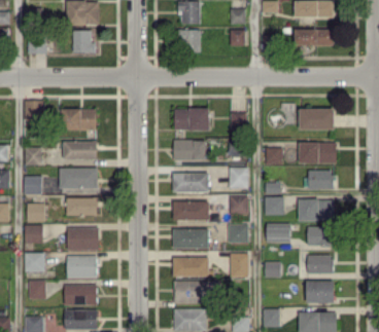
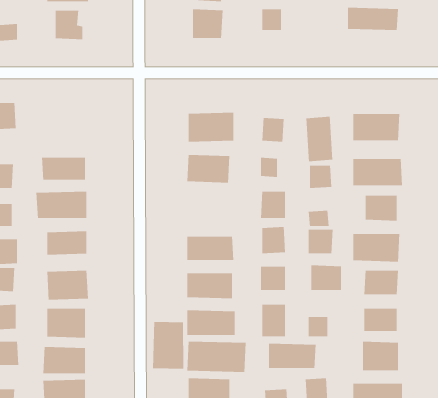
building: [61,109,97,131] -> none
building: none -> [306,116,333,162]
building: [173,173,209,192] -> none
building: none -> [153,321,184,369]
building: none -> [268,343,316,369]

